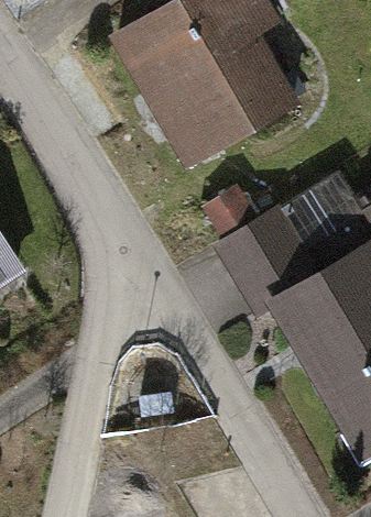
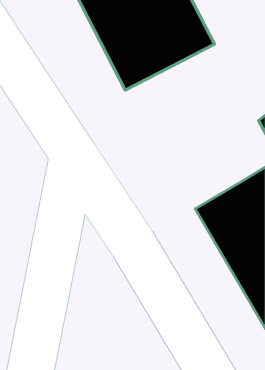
building: [197,186,331,317] -> none

